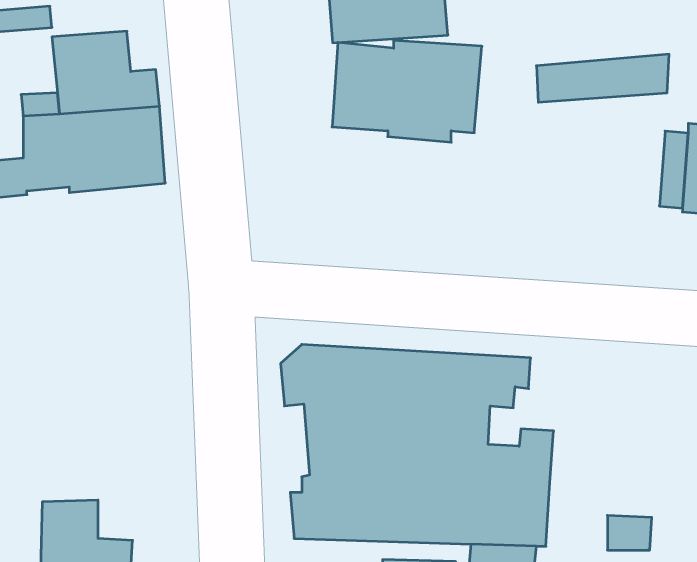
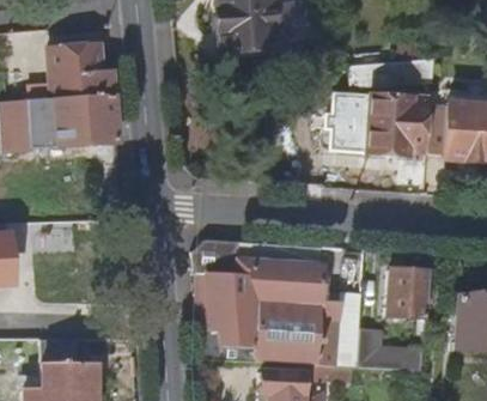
building: [332,40,482,142] -> [333,95,426,158]
building: none -> [388,269,430,332]
building: none -> [358,327,396,369]

